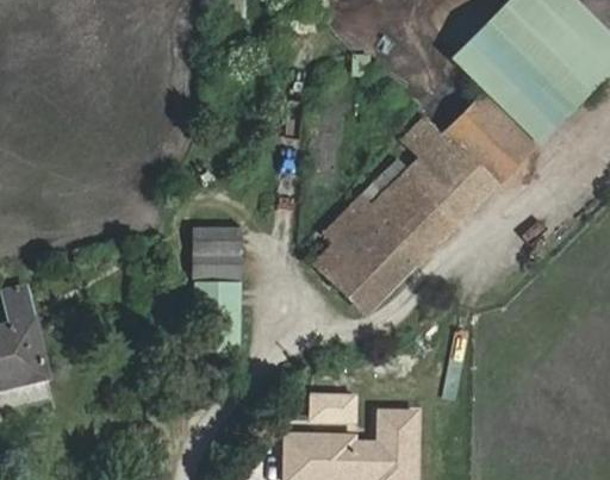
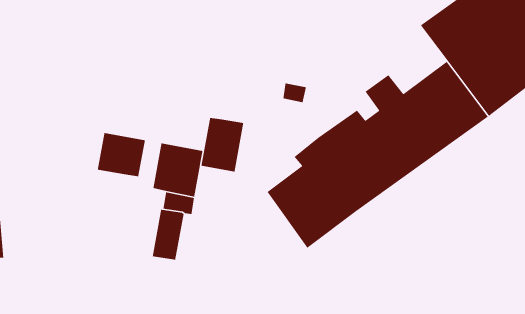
building: none -> [201,117,244,172]
building: none -> [97,132,146,177]

